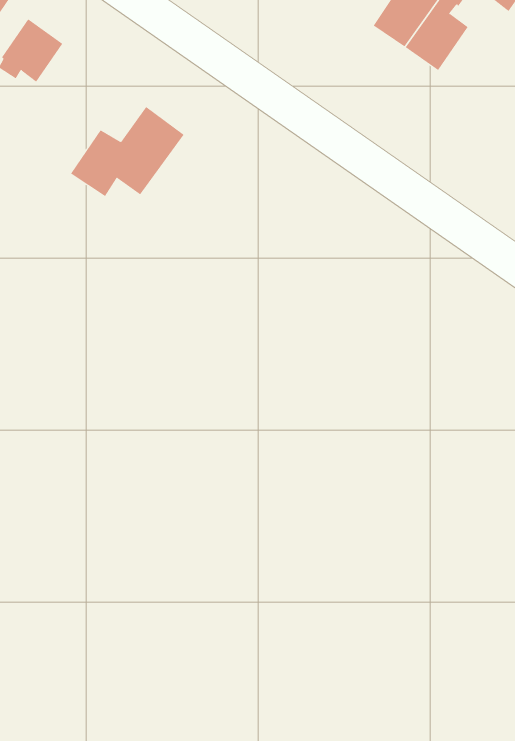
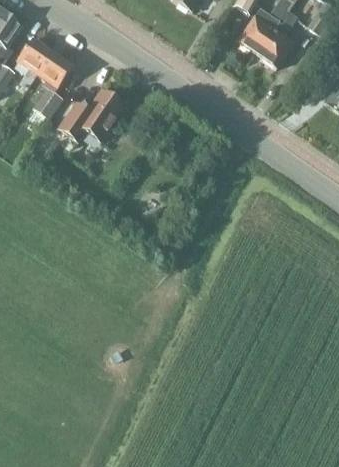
building: none -> [33,50,75,116]

